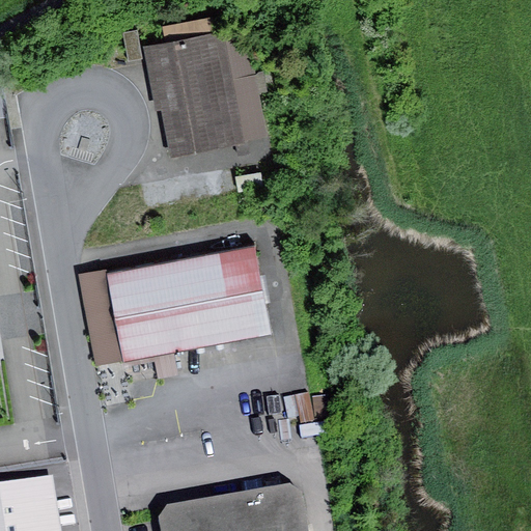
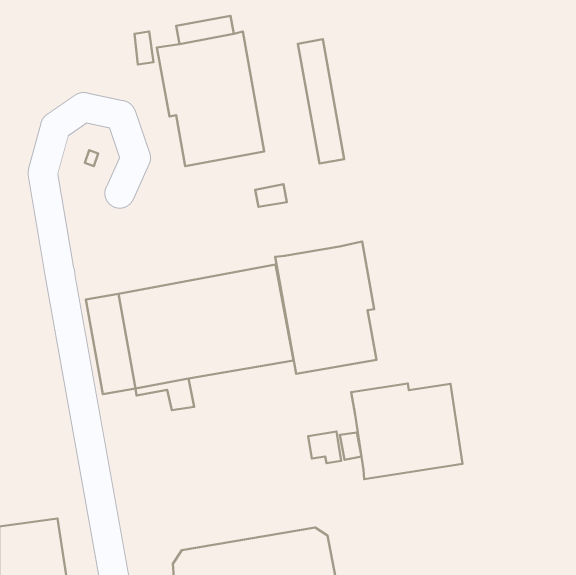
building: [223,27,266,141] -> [298,39,344,164]
building: none -> [275,242,376,374]
building: none -> [351,383,462,479]

